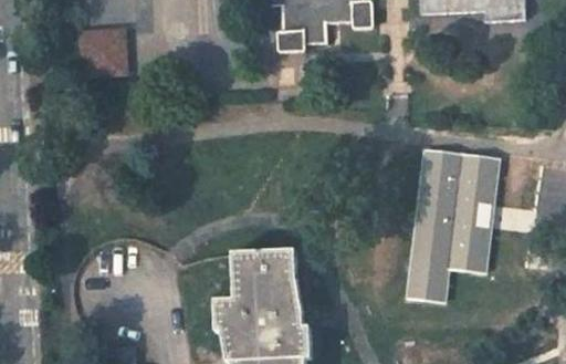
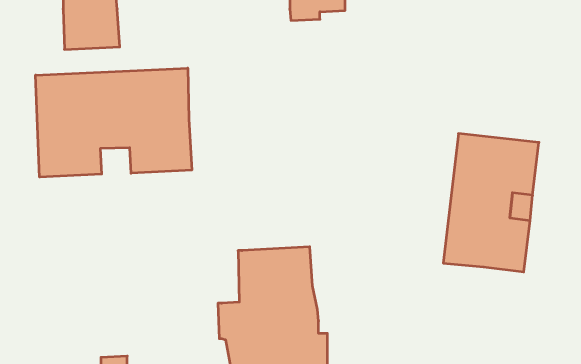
building: none -> [36,68,192,177]
building: [408,264,448,302] -> none

